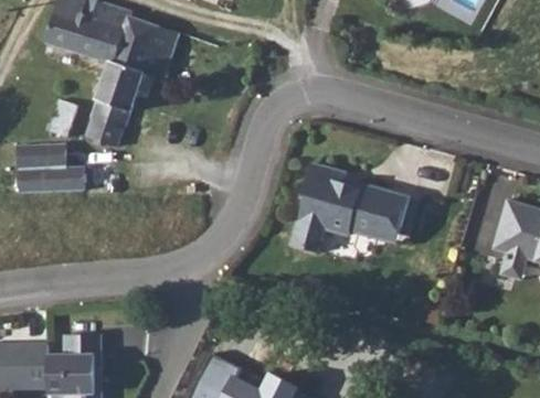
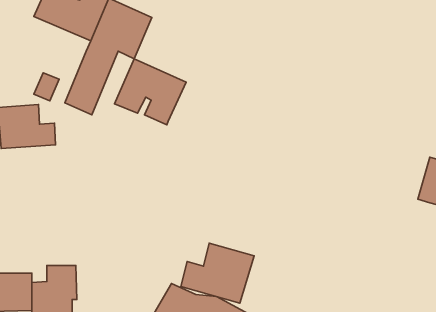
building: none -> [115,59,186,125]
building: [300,170,420,259] -> none
building: none -> [181,243,254,303]

